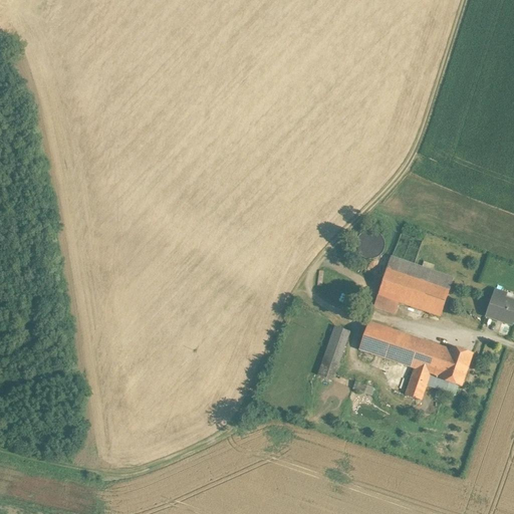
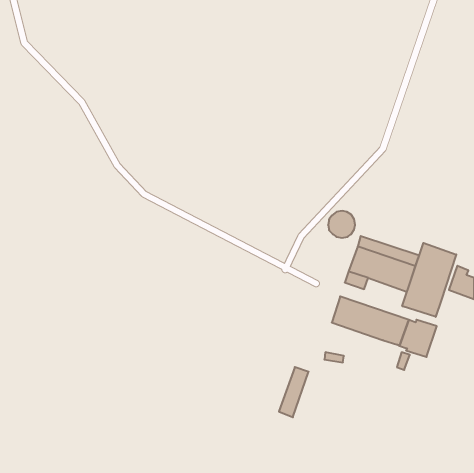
building: none -> [402,243,456,317]
building: [317,325,349,379] -> [279,367,309,417]
building: [405,367,430,399] -> none

